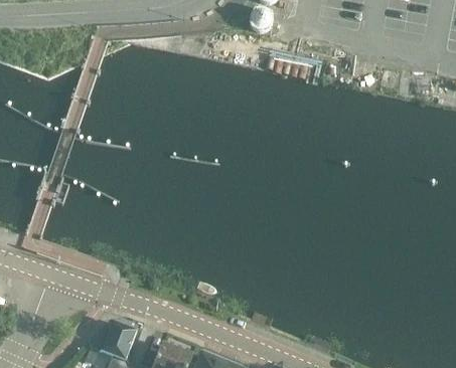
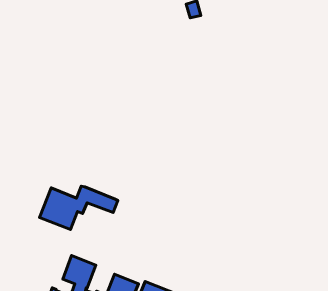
building: none -> [39,186,118,229]

